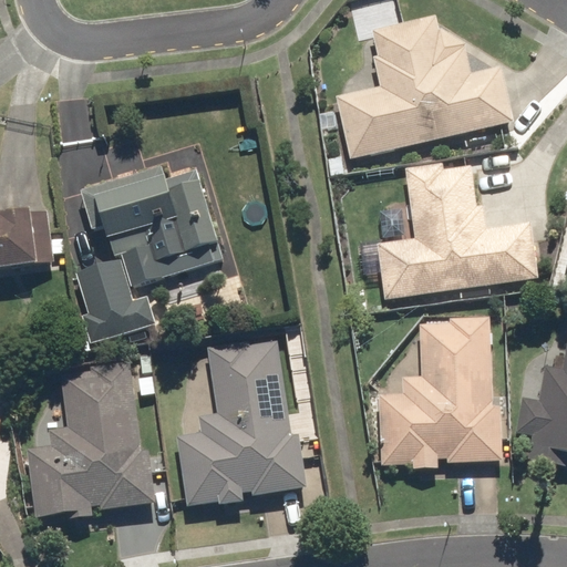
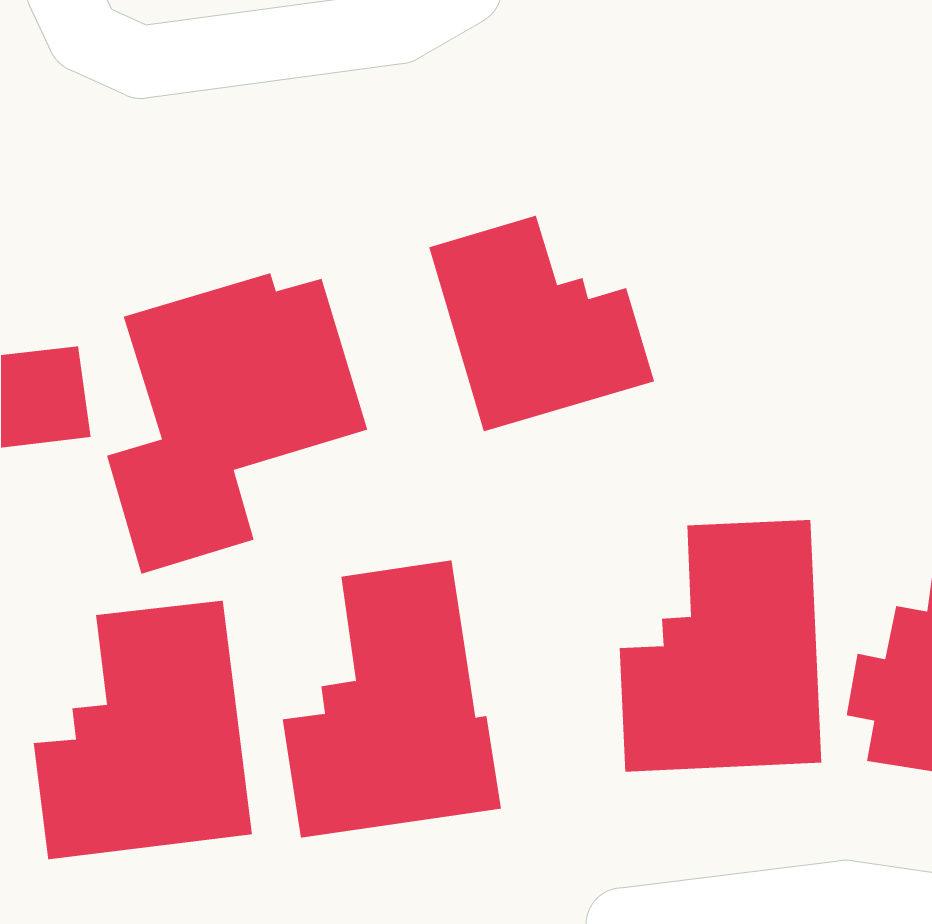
building: [333,11,513,158] -> none
building: none -> [428,215,655,432]
building: [375,163,538,300] -> none

